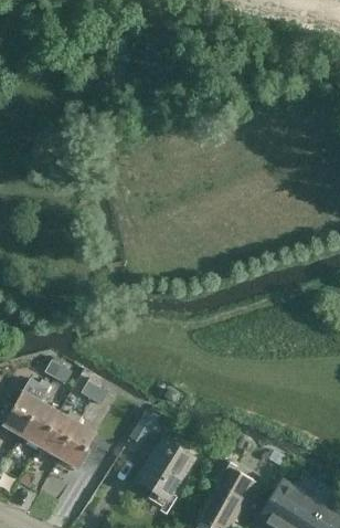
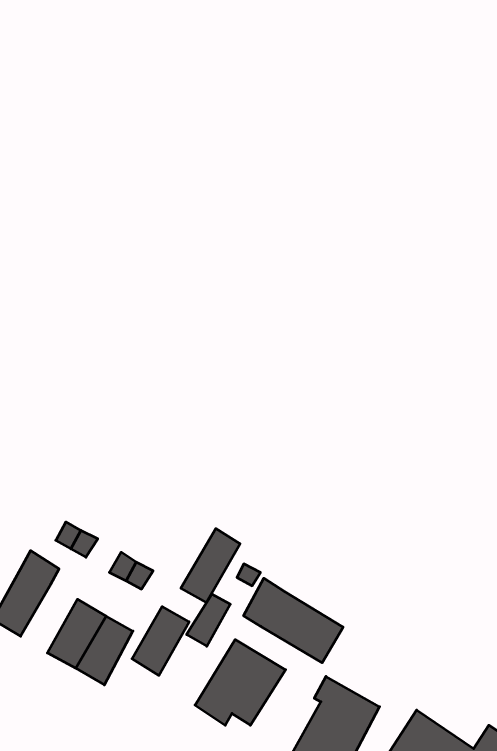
building: none -> [181,529,240,602]
building: none -> [244,578,343,663]
building: [22,401,60,446] -> [132,607,189,675]

